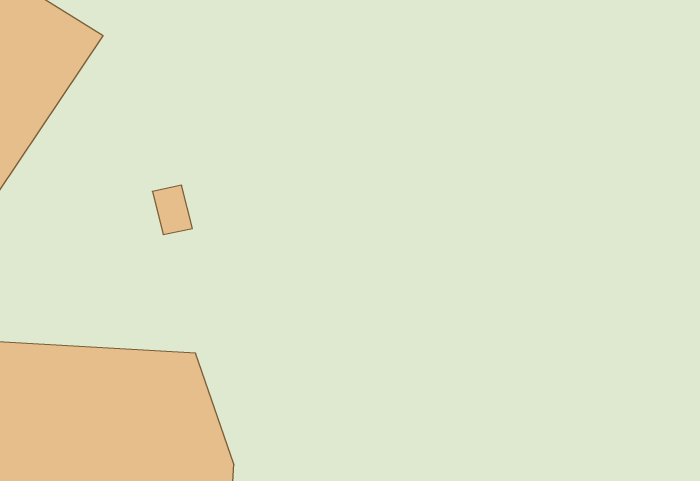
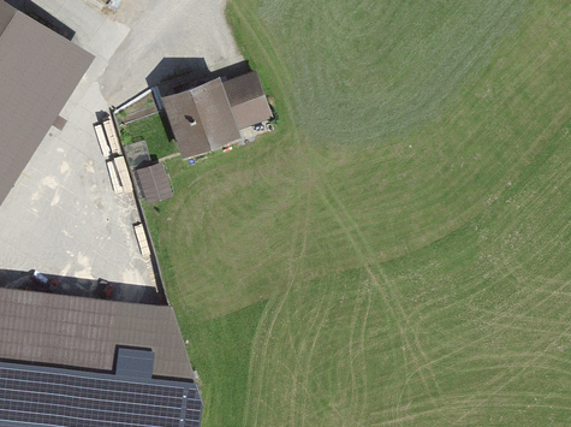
building: none -> [160,73,266,158]

